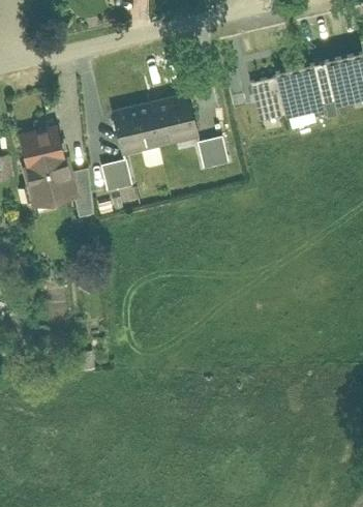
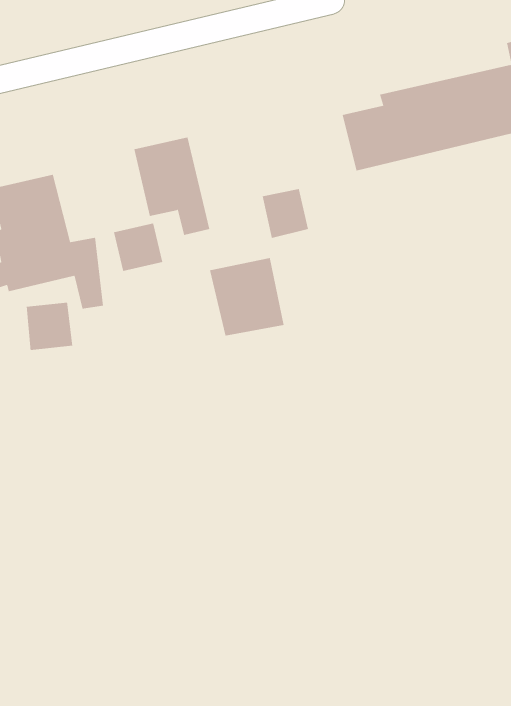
building: [149,94,199,146] -> [209,258,284,336]
building: none -> [26,302,73,351]

